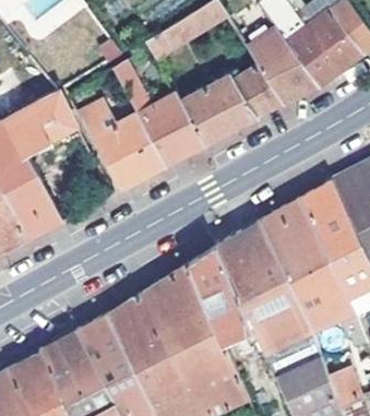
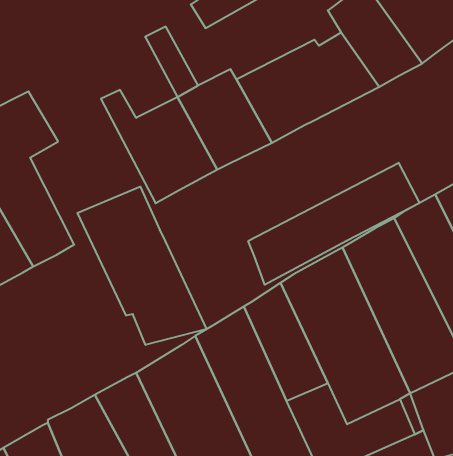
building: [26,90,77,144] -> none
building: none -> [248,163,419,285]
building: none -> [77,187,207,345]

